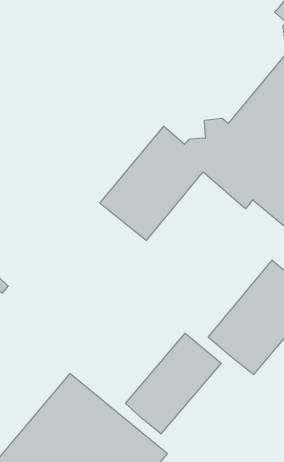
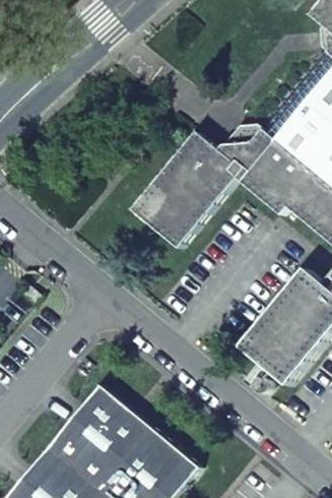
building: [126,333,221,434] -> none

